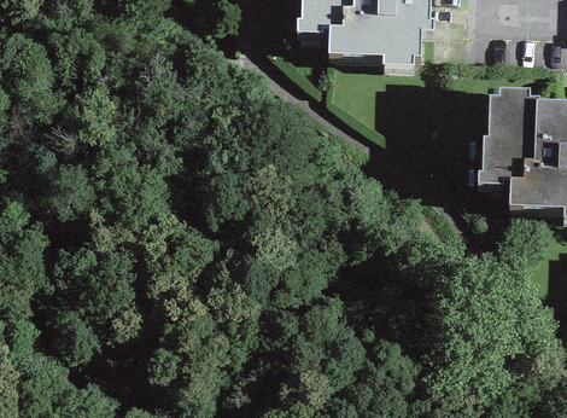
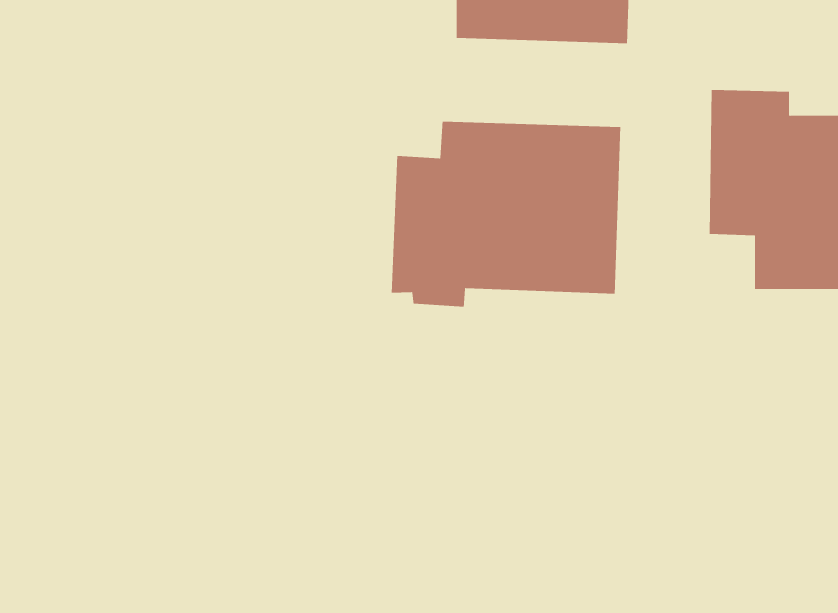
building: none -> [391,121,621,307]

